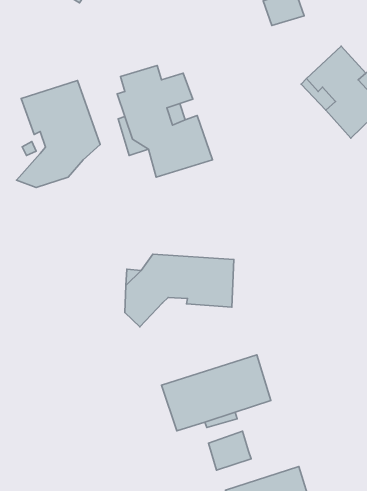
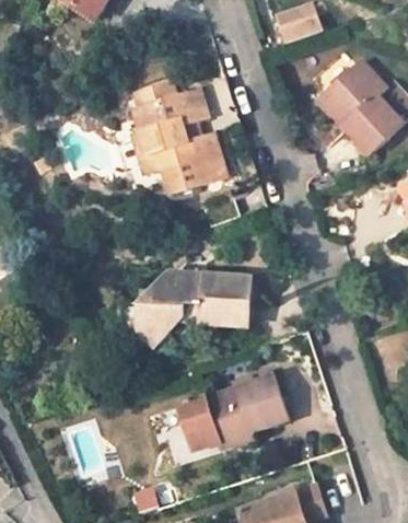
building: [16,80,100,187] -> none
building: [208,431,251,470] -> none

